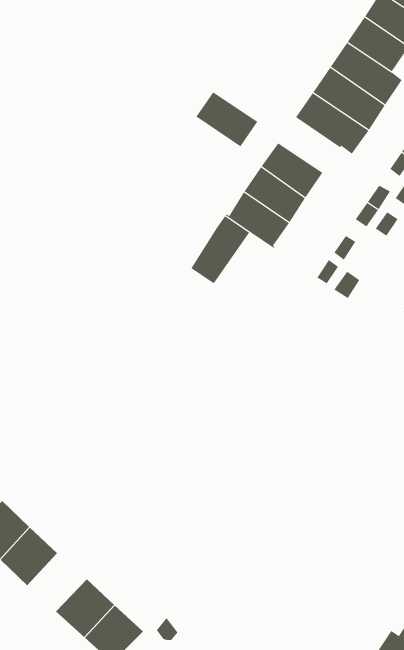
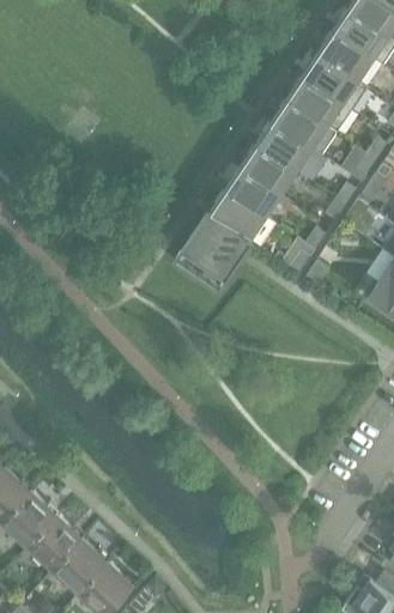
building: [196,91,258,147] -> [255,123,311,174]
building: none -> [198,227,251,290]
building: none -> [29,517,83,570]

